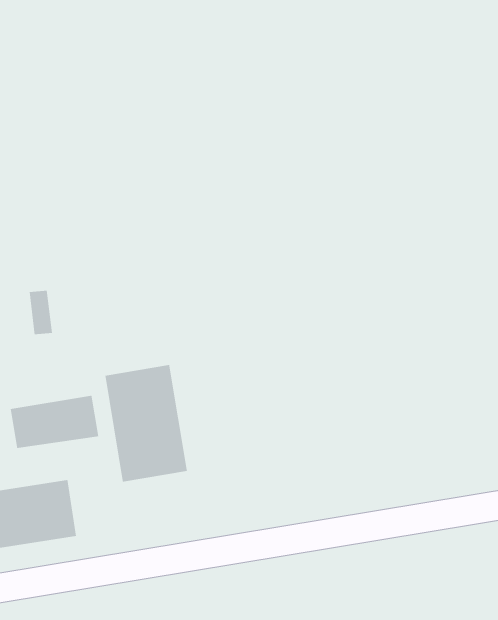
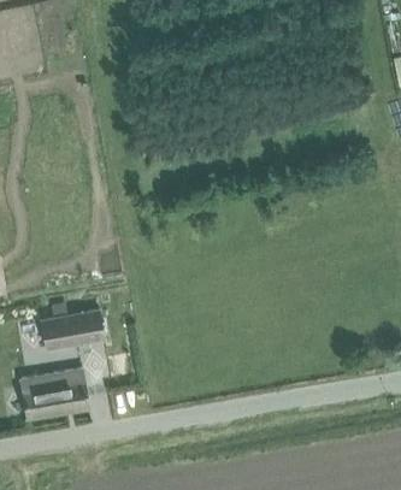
building: [105,364,187,483] -> none

